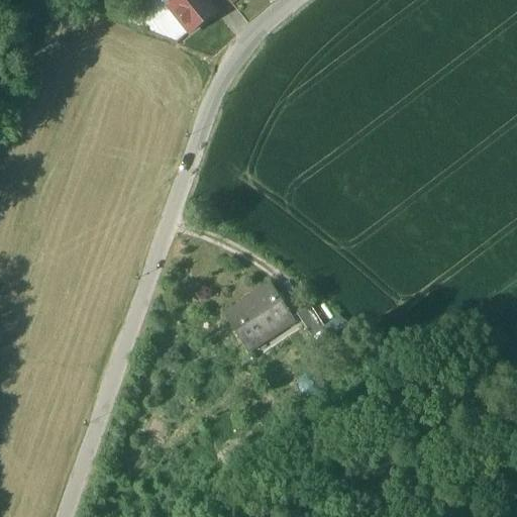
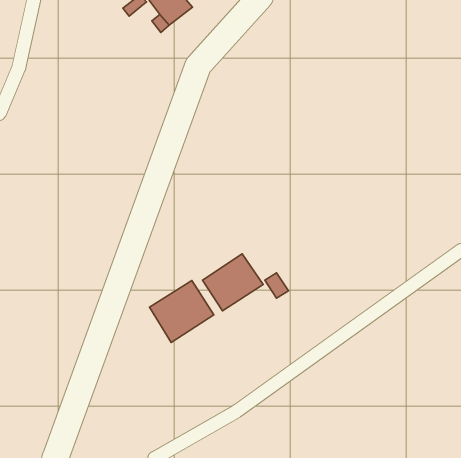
building: none -> [150,281,214,342]

